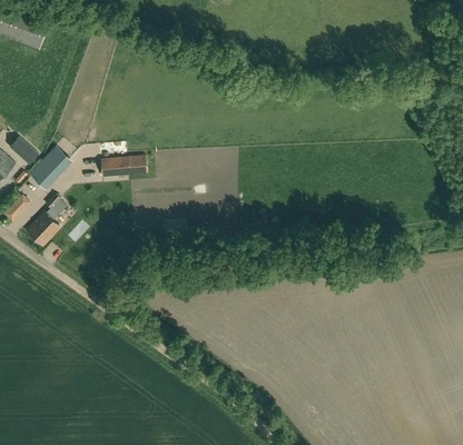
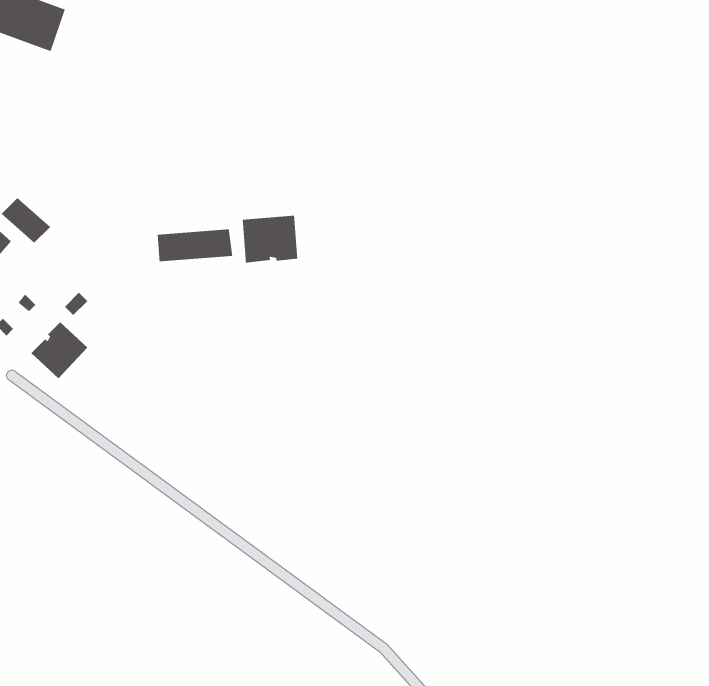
building: [30,145,70,185] -> none
building: none -> [242,215,298,263]

